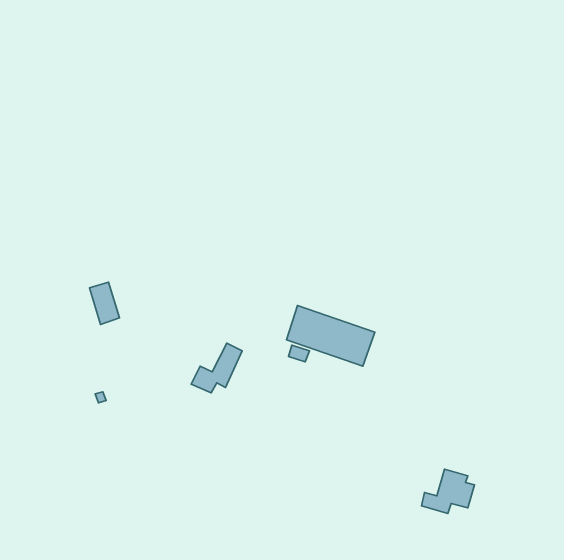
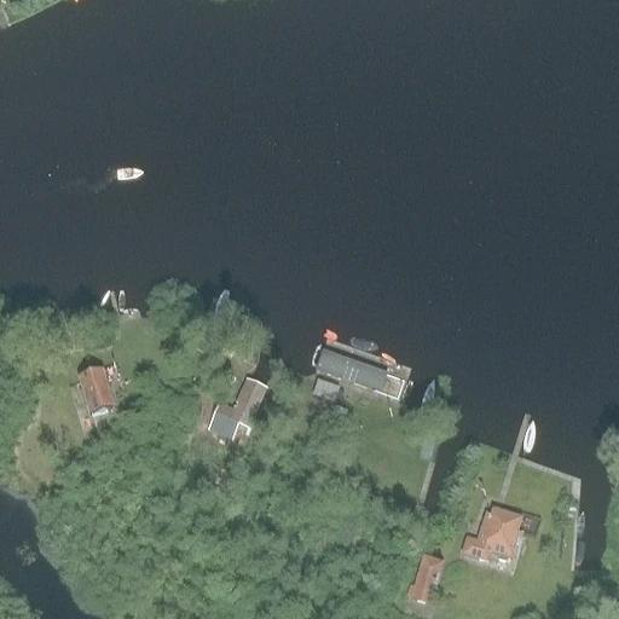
building: [90,282,119,324] -> [80,366,112,412]
building: none -> [412,551,447,602]

